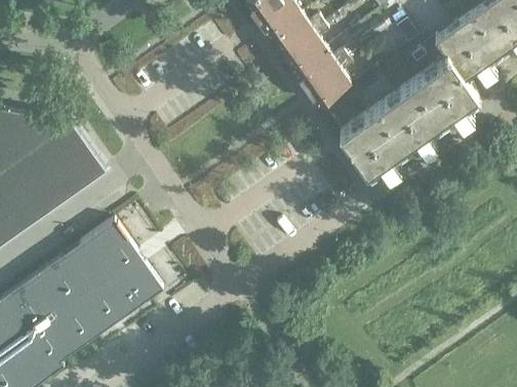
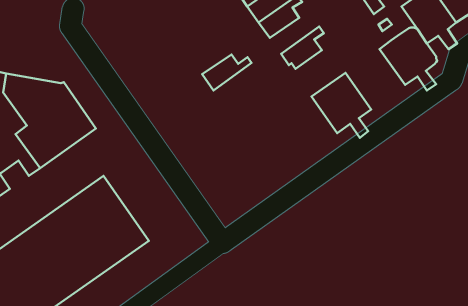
building: [293,48,347,87] -> [202,54,251,90]
building: [375,82,440,153] -> none

